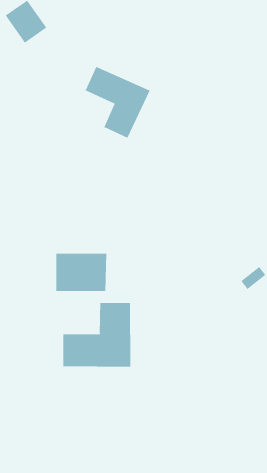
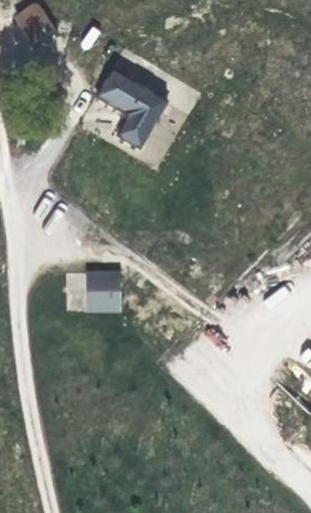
building: [63,302,131,367] -> none

